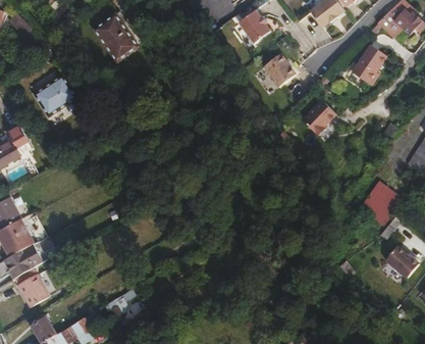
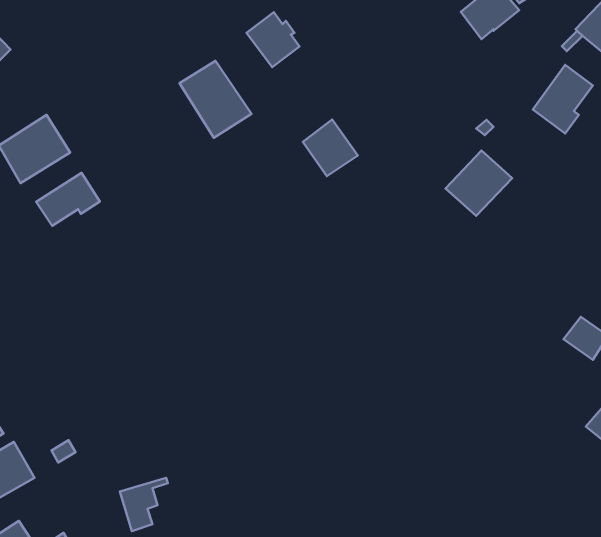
building: [237,12,269,45] -> [246,12,300,67]
building: [96,16,139,62] -> [180,61,252,138]
building: [262,55,295,89] -> [303,120,358,176]
building: none -> [36,173,100,226]

